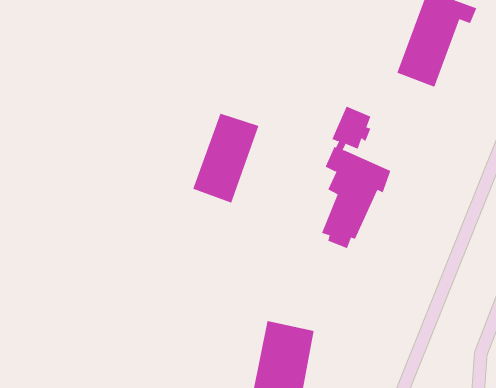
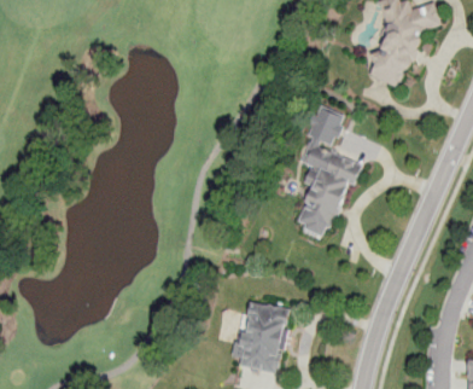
building: [193,113,259,203] -> none

